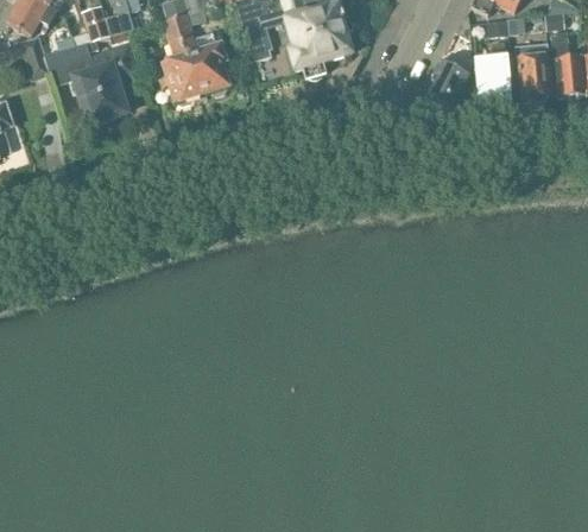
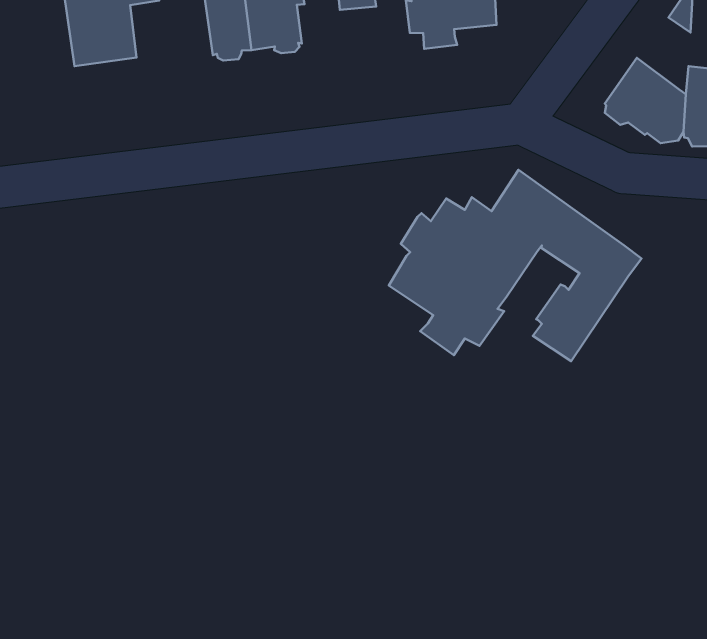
building: none -> [389,170,642,361]

